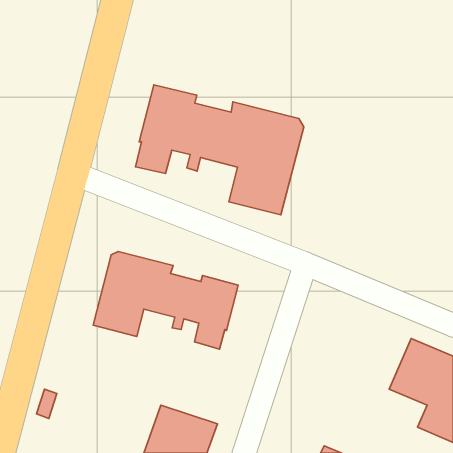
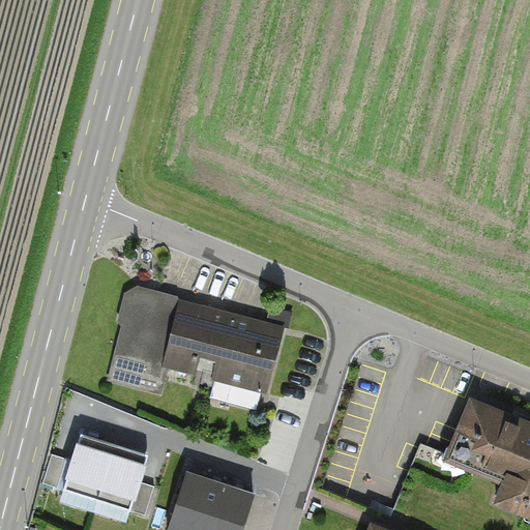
building: [135,85,304,215] -> none
building: none -> [64,434,154,514]

